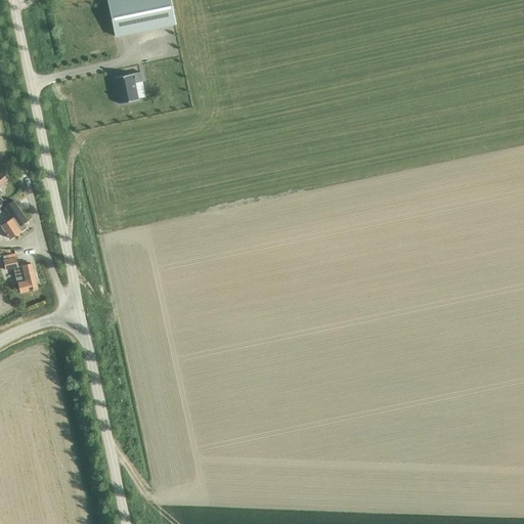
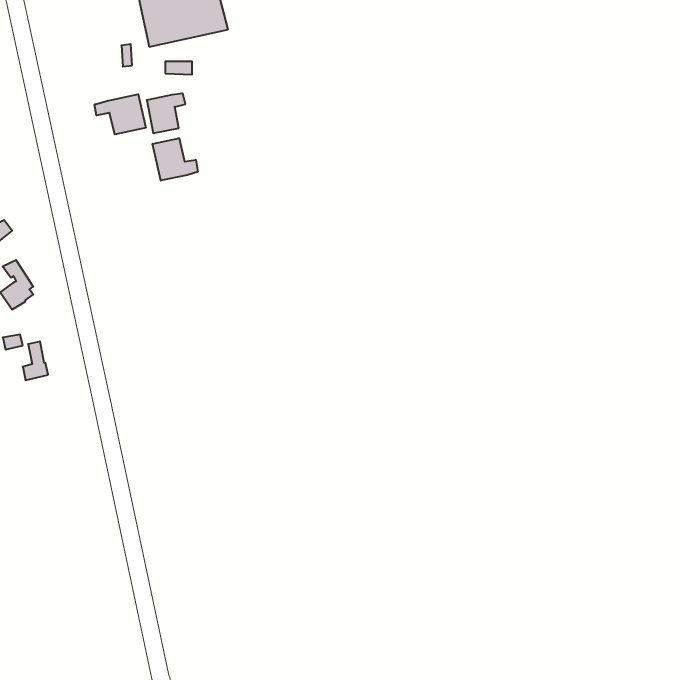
building: none -> [95,94,146,134]
building: none -> [153,138,198,181]

